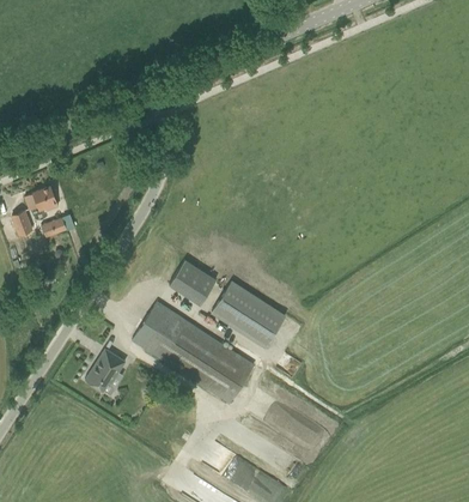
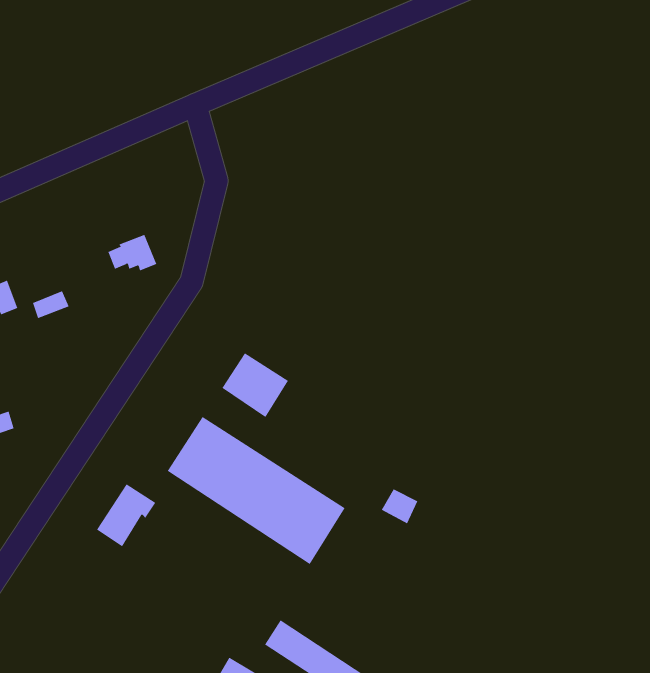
building: [25,185,59,210] -> [108,234,157,271]
building: [212,282,285,346] -> none

